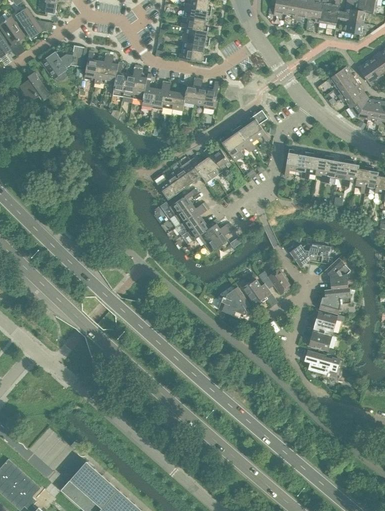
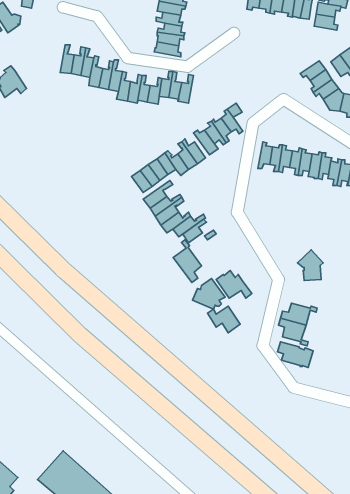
building: [41,45,87,80] -> none
building: [289,242,330,266] -> none
building: none -> [173,240,201,283]
building: [259,267,292,294] -> [207,306,240,333]
building: [319,287,351,314] -> none

